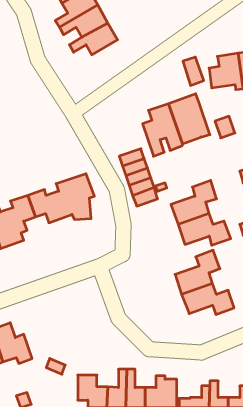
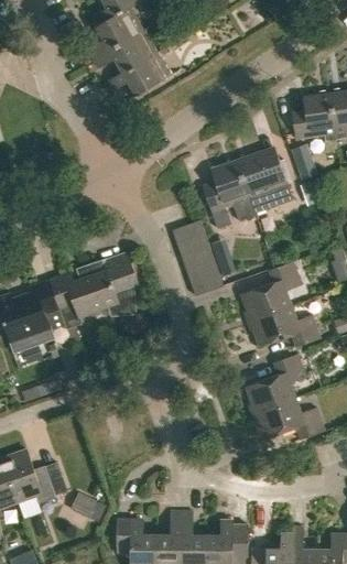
building: [183,57,204,85] -> [290,141,317,178]

